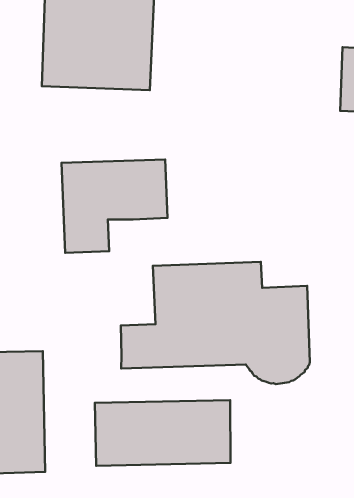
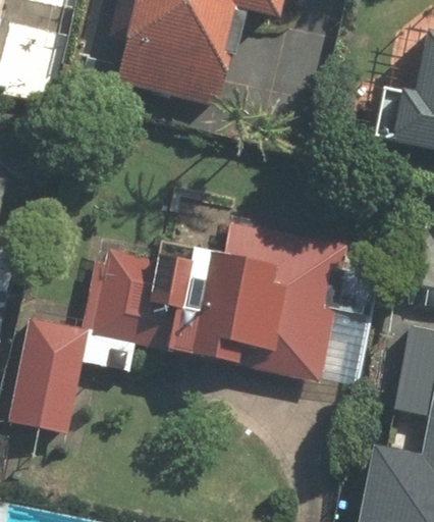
building: [62,160,168,253] -> [95,250,197,335]
building: [95,400,230,466] -> none

